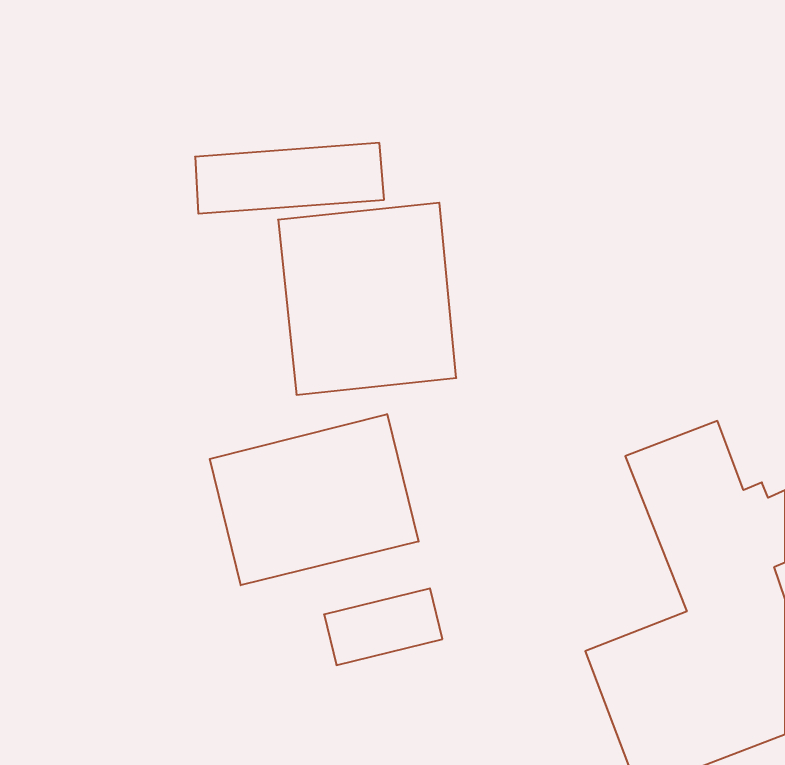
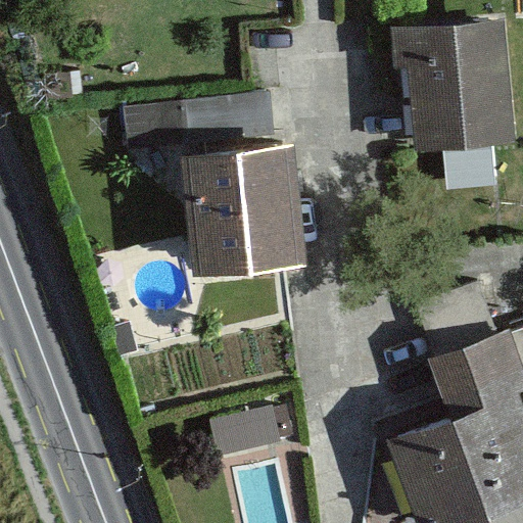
building: none -> [393,27,509,149]
building: [210,414,419,585] -> none

